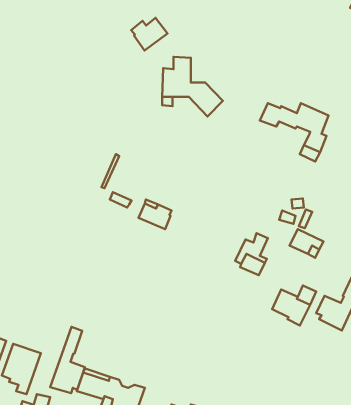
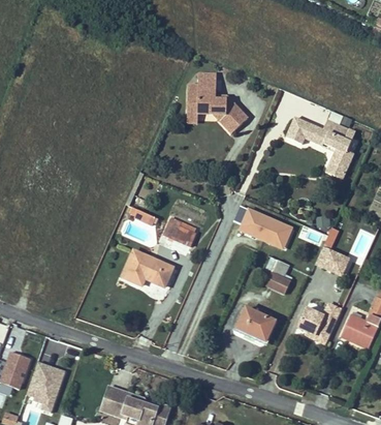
building: [131,18,167,51] -> none
building: none -> [237,206,294,247]
building: none -> [122,249,172,285]
building: none -> [235,307,275,340]
building: [50,327,85,393] -> none

